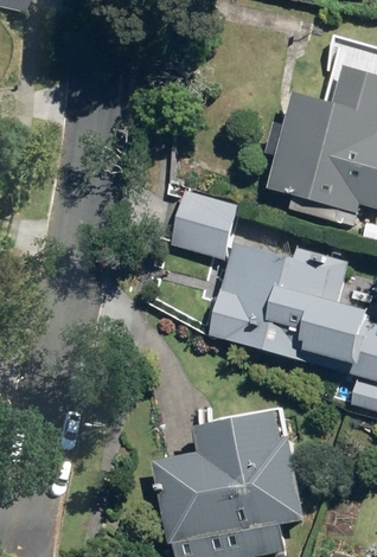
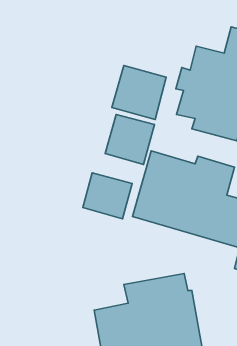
building: none -> [112,66,166,119]
building: none -> [83,173,132,219]

